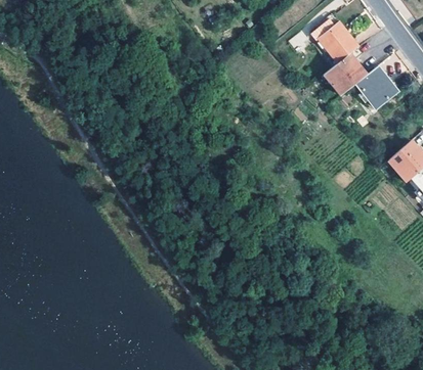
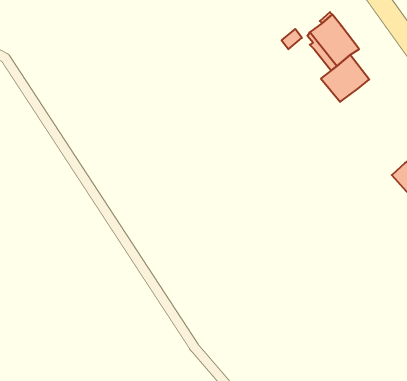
building: [358,66,398,107] -> none

